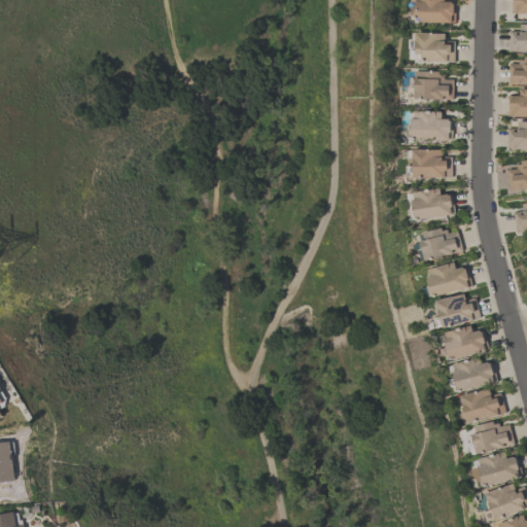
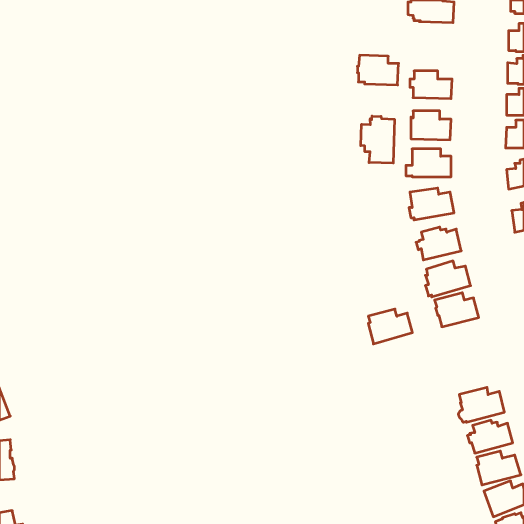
building: [414,33,455,63] -> [357,55,399,85]
building: none -> [361,116,394,163]
building: [444,326,488,361] -> [368,309,412,344]
building: [452,358,497,393] -> none

